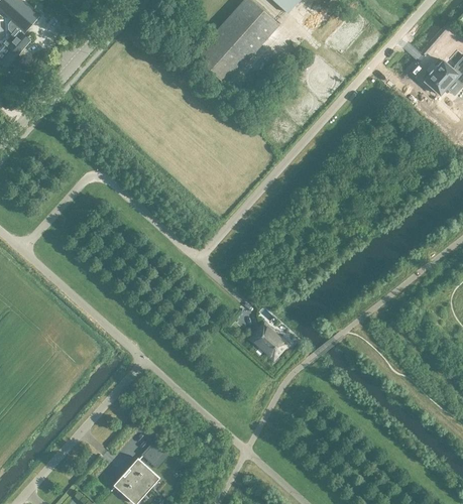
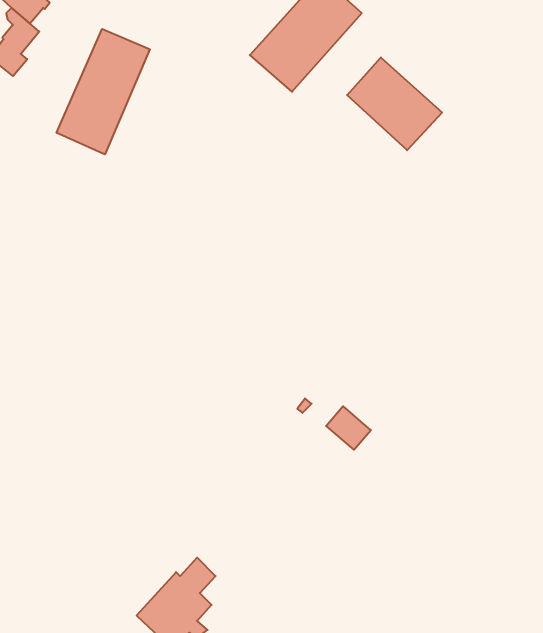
building: none -> [57,29,150,154]
building: none -> [347,57,442,150]

